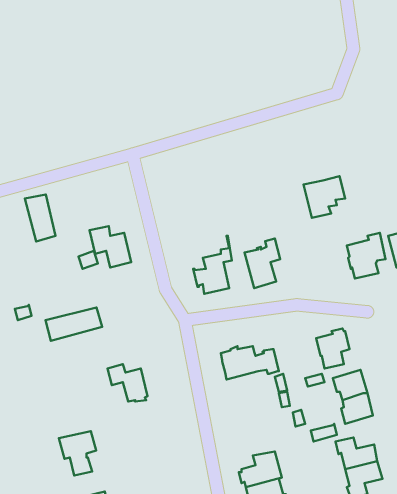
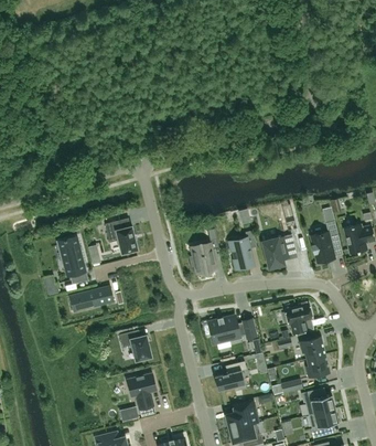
building: [304,176,345,218] -> [262,235,296,268]
building: [25,194,55,241] -> [60,238,84,276]
building: none -> [214,361,246,391]
building: [59,431,96,475] -> [127,374,157,410]

